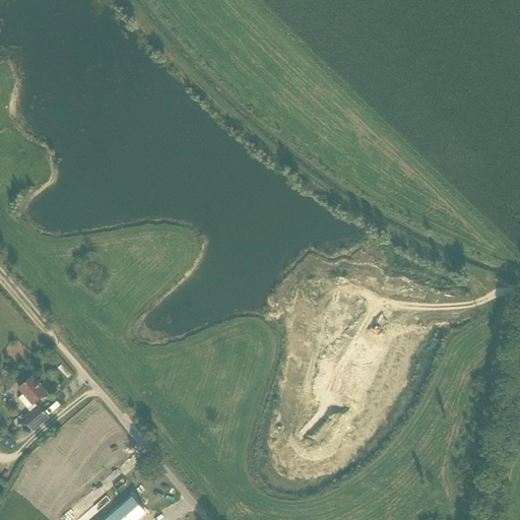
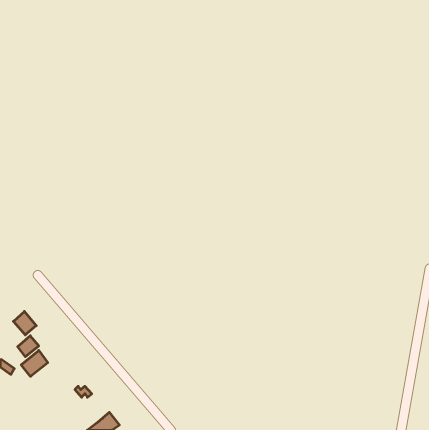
building: none -> [21,350,48,376]

